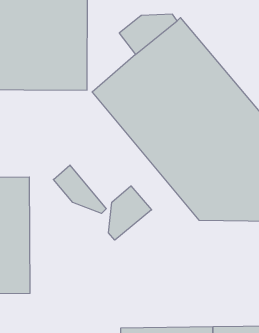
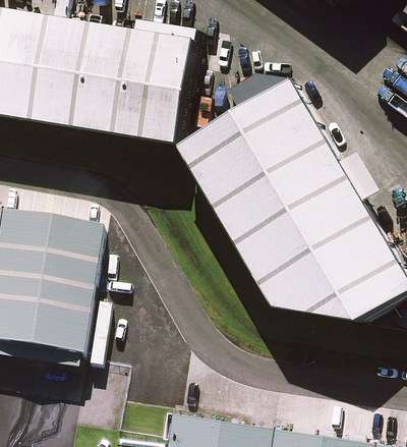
building: [53,165,106,213] -> none
building: [108,186,152,240] -> none

